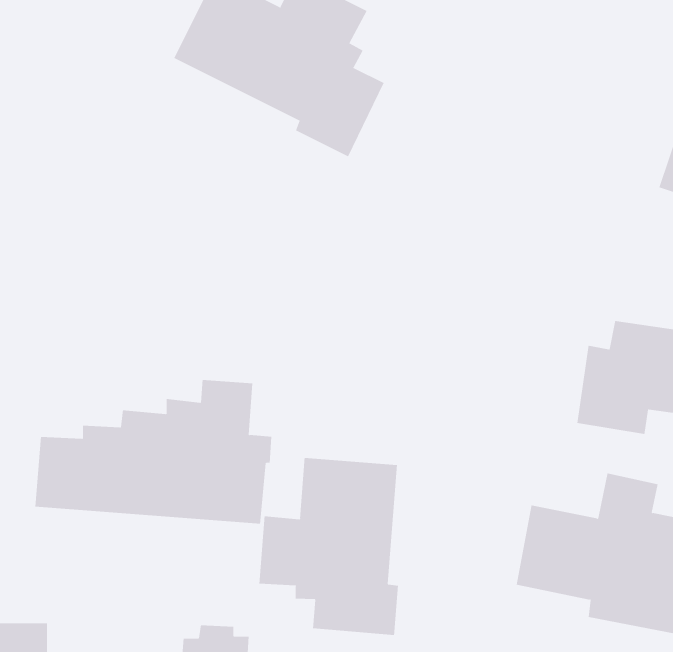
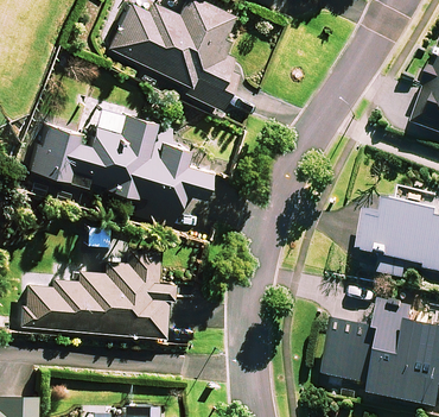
building: none -> [30,106,206,220]
building: [259,457,398,636] -> none

